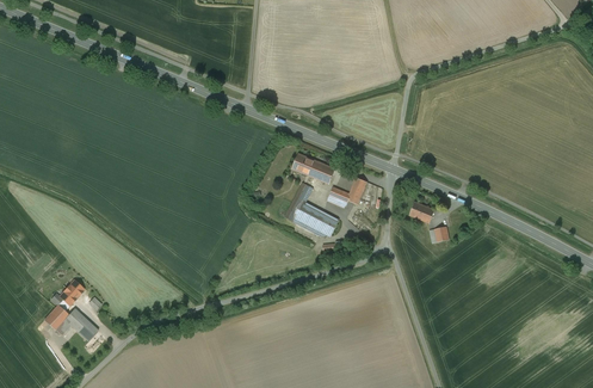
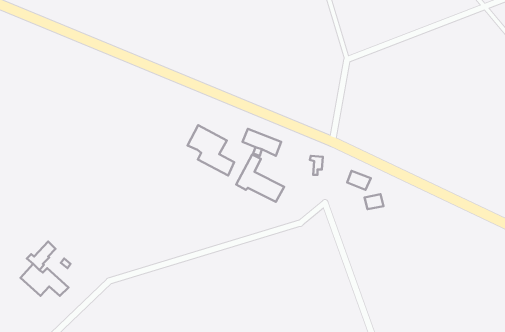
building: none -> [188,125,234,176]
building: [327,177,367,208] -> none

